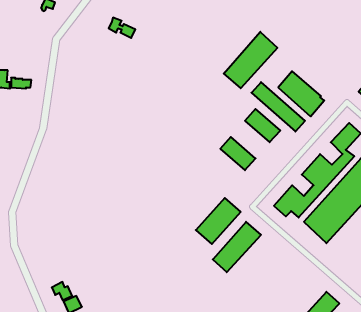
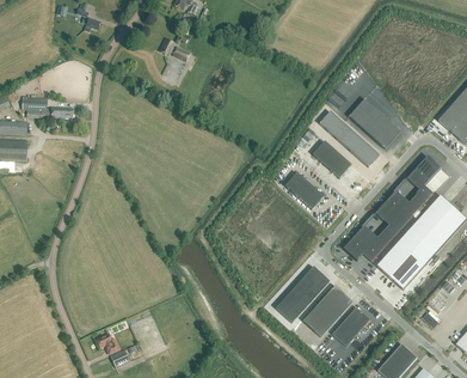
building: [224,32,277,88] -> none
building: [196,198,241,244] -> [302,285,352,336]
building: none -> [333,307,370,346]

